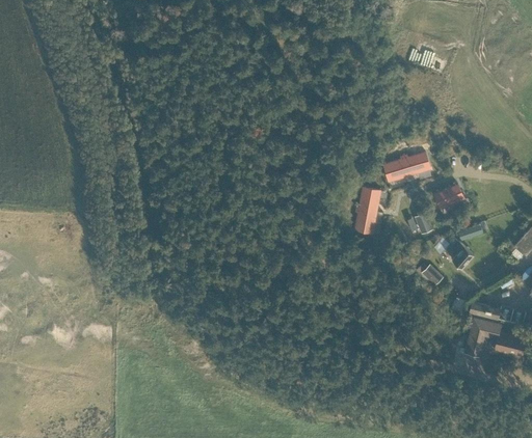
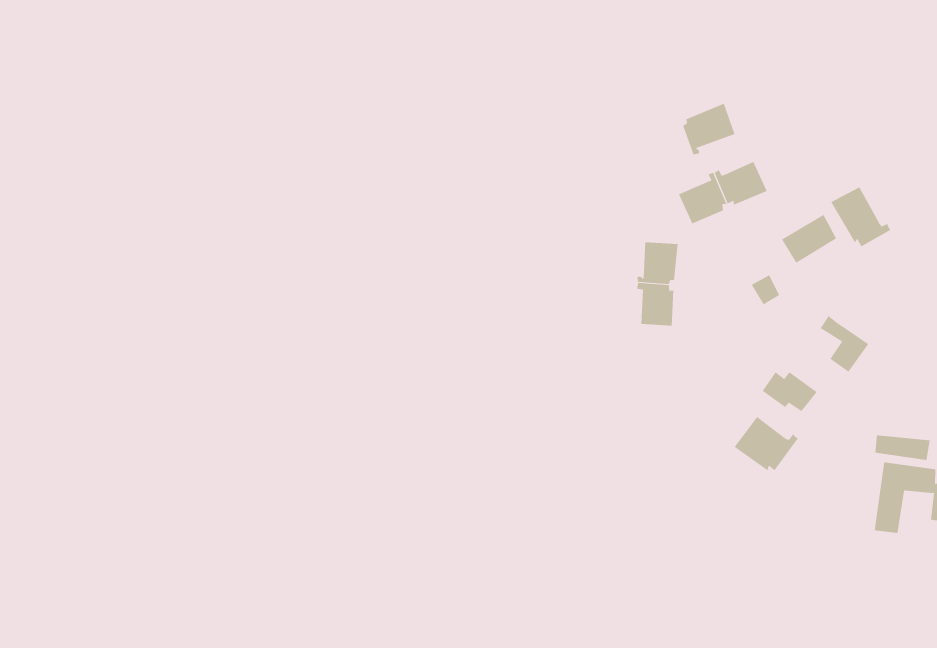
building: none -> [682,103,735,155]
building: none -> [831,186,891,247]
building: none -> [734,416,799,471]

